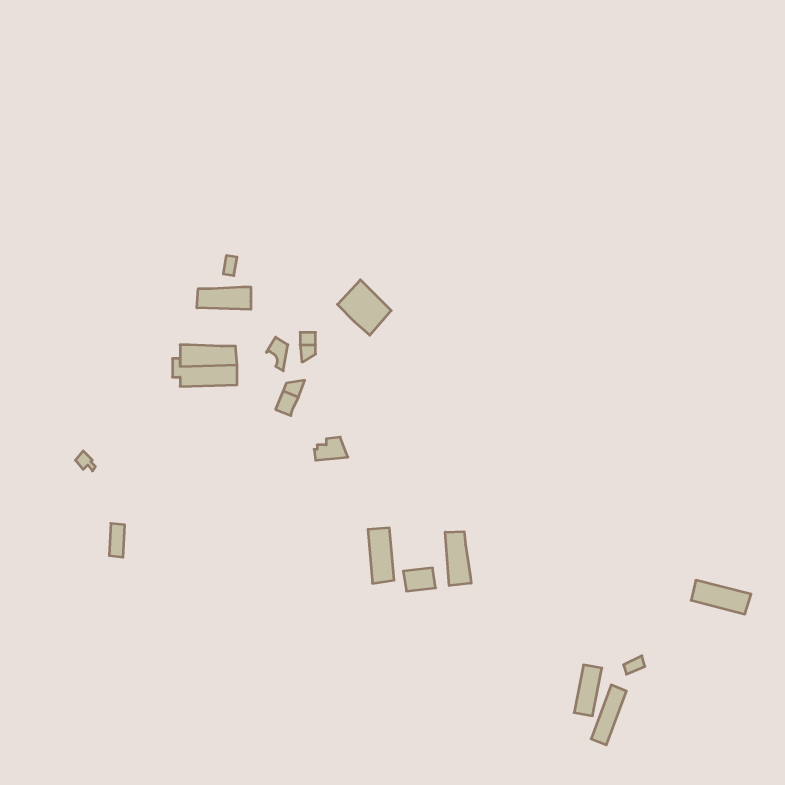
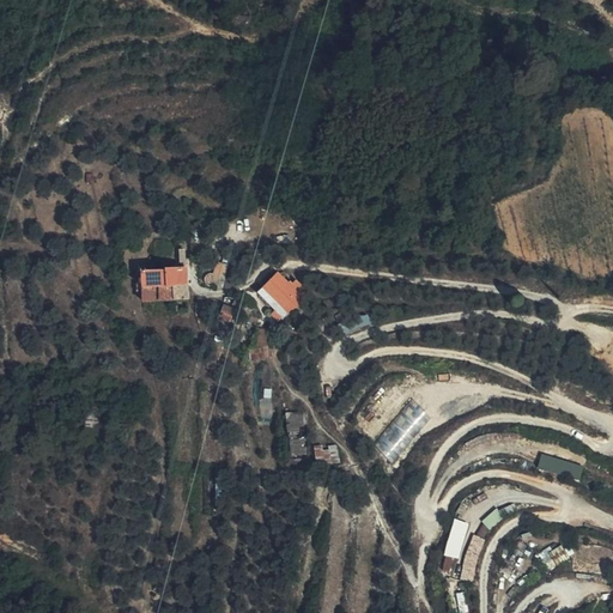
building: [337,280,391,335] -> [257,273,299,316]
building: [197,287,251,309] -> none
building: [445,532,471,586] -> none

